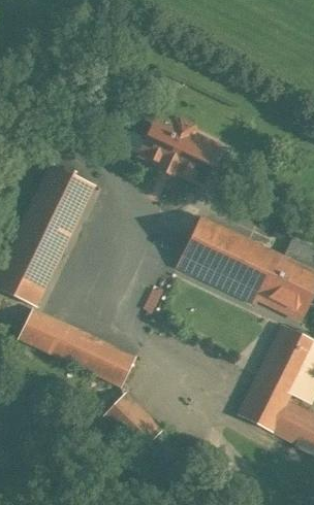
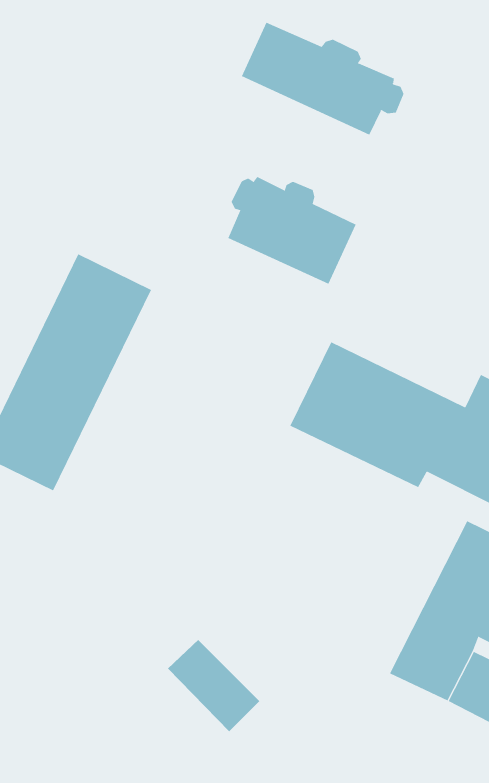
building: none -> [241,22,404,135]
building: [21,309,135,385] -> none

